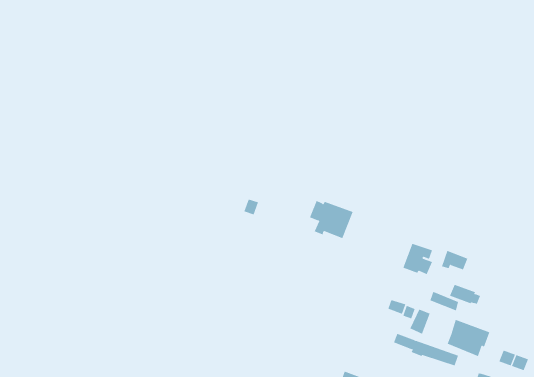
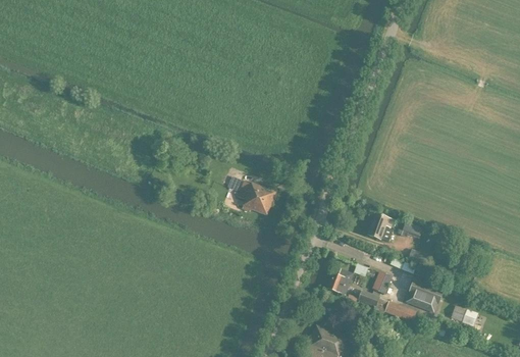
building: [309,200,353,239] -> [237,182,275,215]
building: none -> [326,269,353,296]

